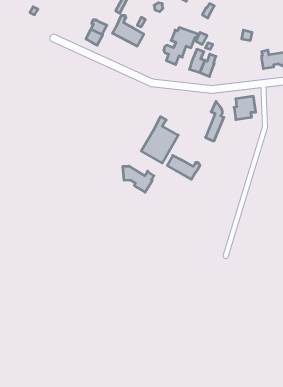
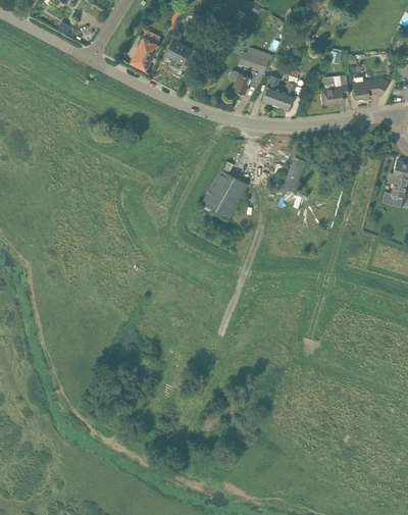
building: [234,96,256,120] -> [321,75,349,105]
building: [167,155,200,179] -> none
building: [123,166,154,192] -> none

